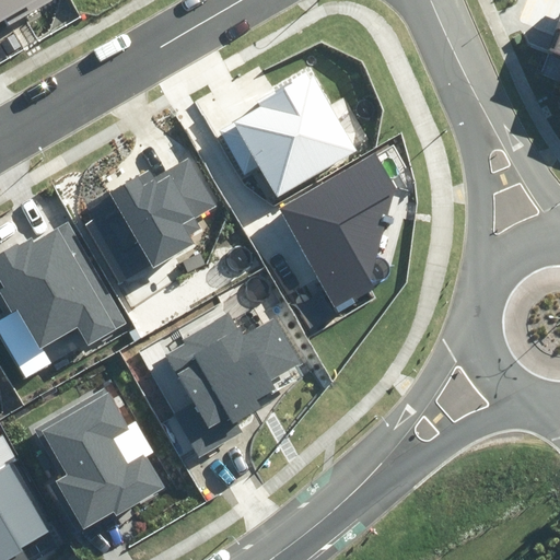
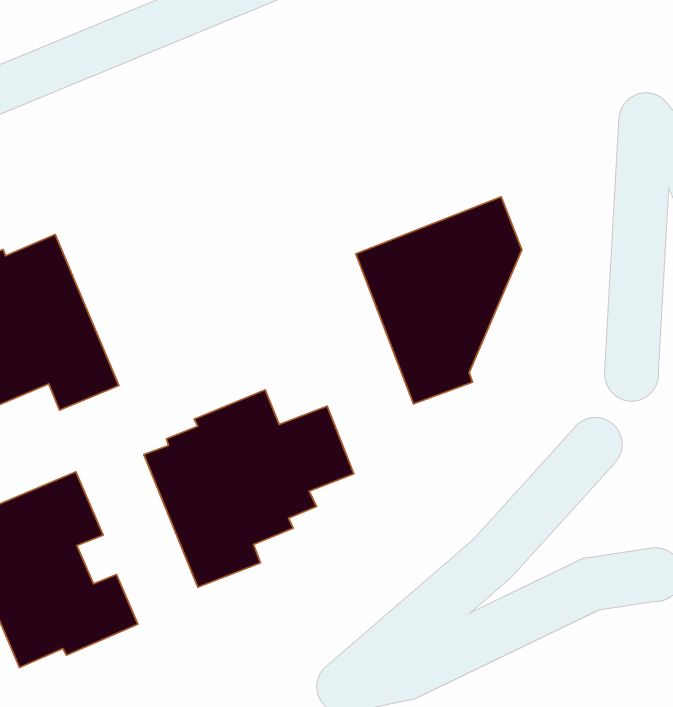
building: [219,73,357,197] -> none
building: [84,158,217,279] -> none

